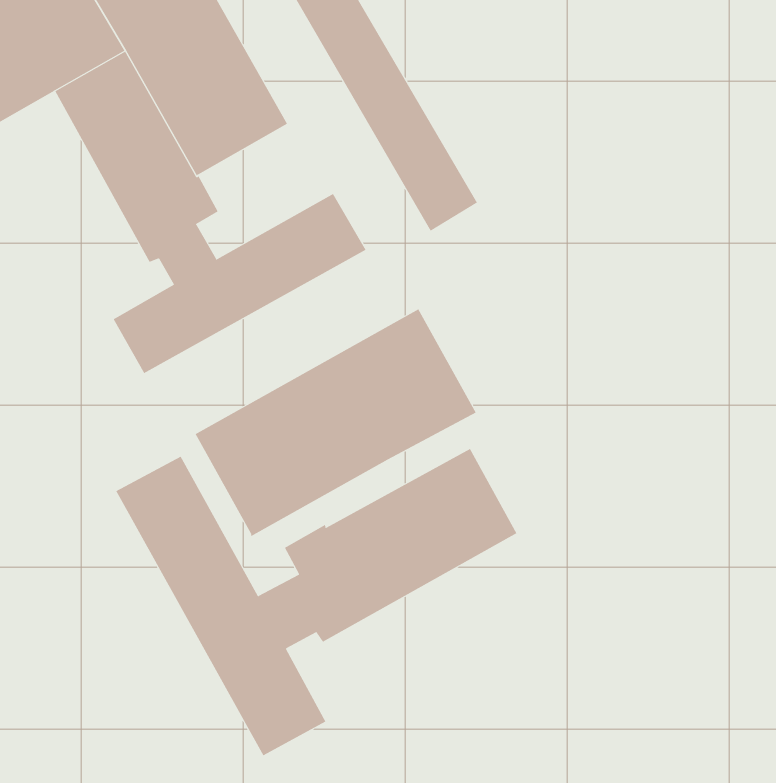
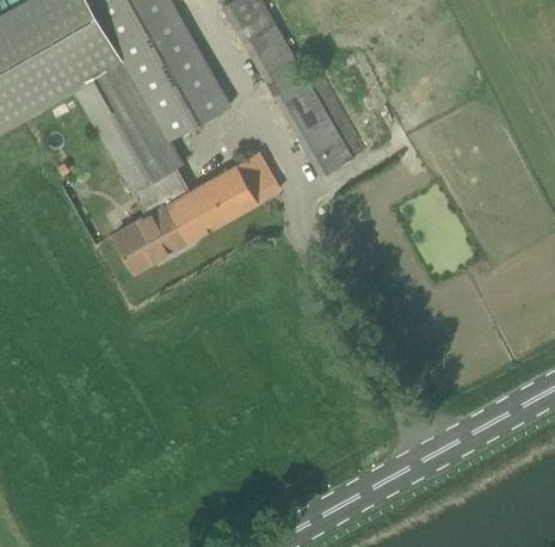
building: [195,309,477,537] -> none
building: [115,448,517,756] -> none

